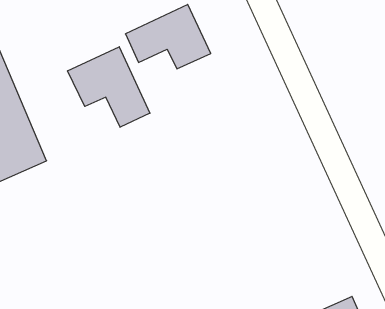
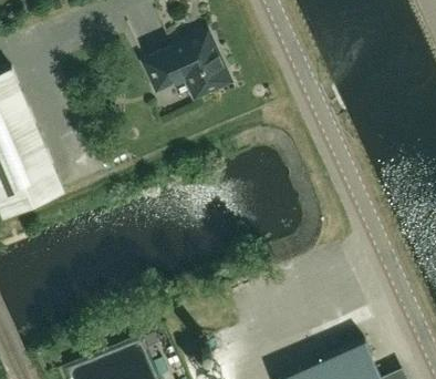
building: [68,47,150,127] -> none

